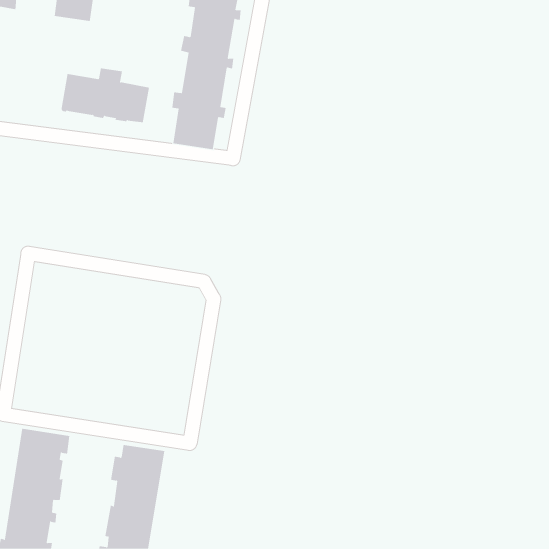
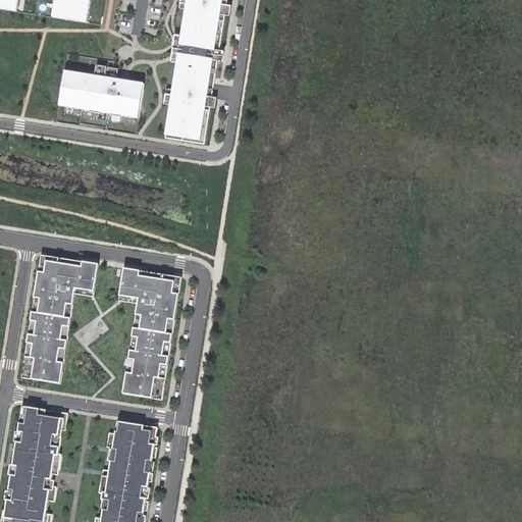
building: none -> [20,253,97,382]
building: none -> [117,267,180,399]

